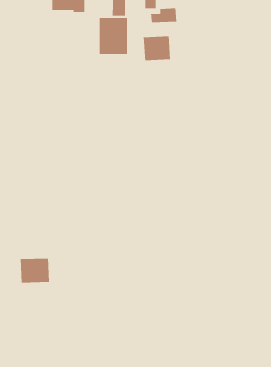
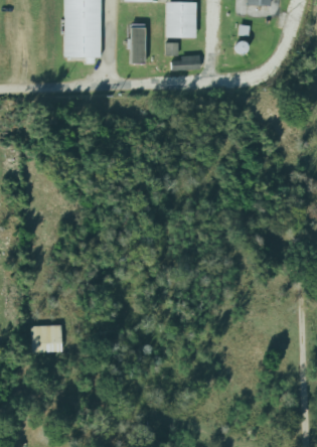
building: [99,17,128,55] -> none
building: [143,35,171,61] -> none

